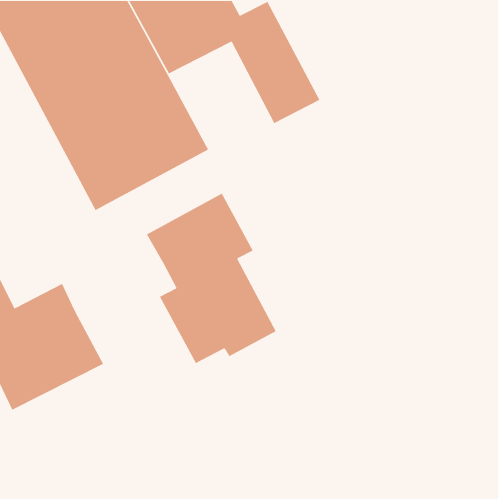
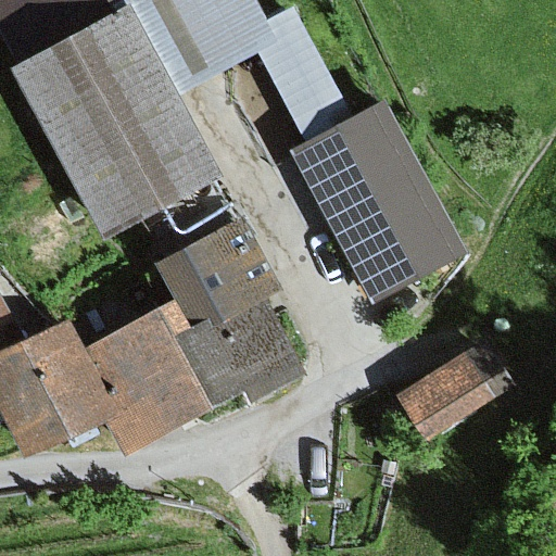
building: none -> [288,101,466,304]
building: none -> [83,298,214,448]
building: none -> [395,345,509,441]

